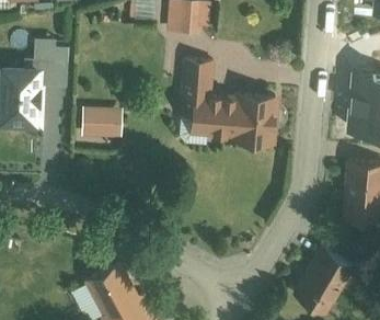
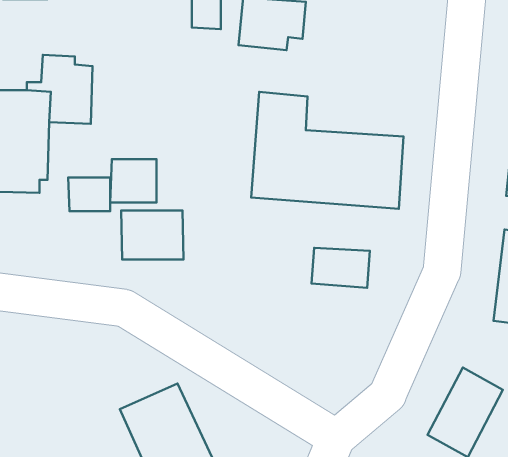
building: none -> [68,177,110,211]
building: none -> [121,210,183,259]
building: none -> [312,248,370,288]

